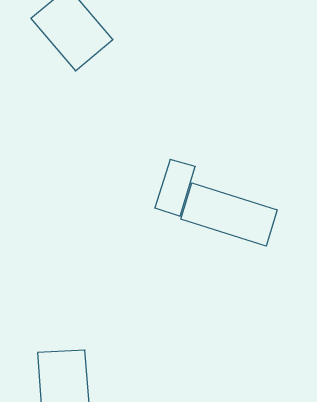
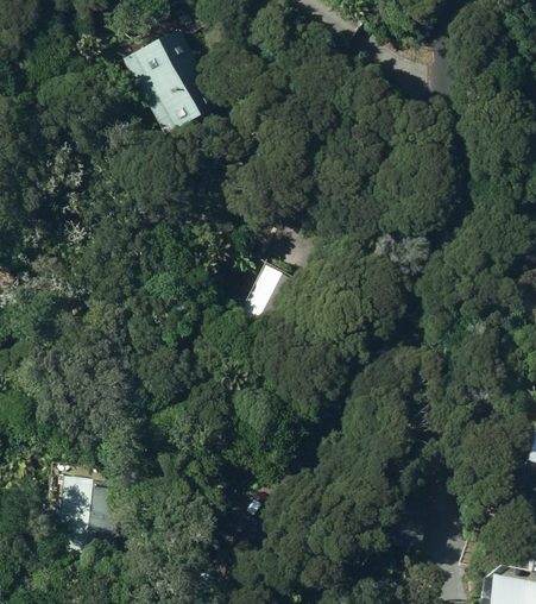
building: [181,183,277,246] -> none

